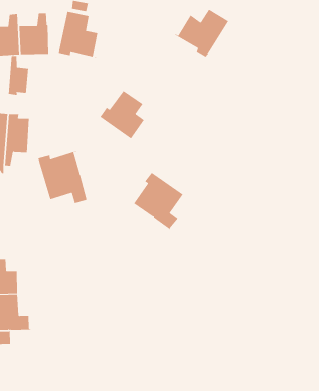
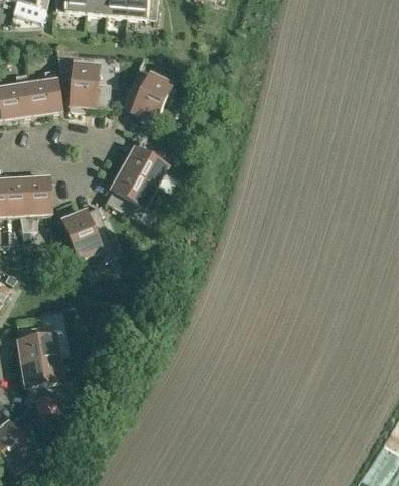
building: [174,9,229,58] -> [117,74,171,124]
building: [8,56,29,96] -> none
building: [132,172,183,231] -> [104,167,155,225]

